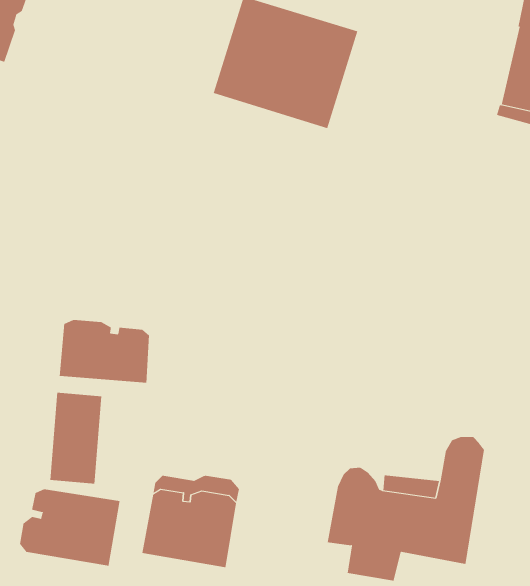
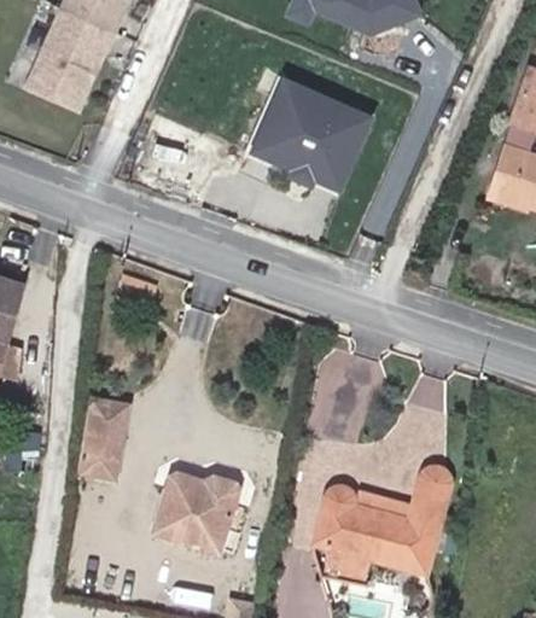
building: [59,319,150,384] -> none
building: [19,488,120,567] -> none

